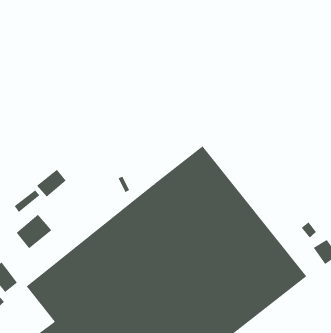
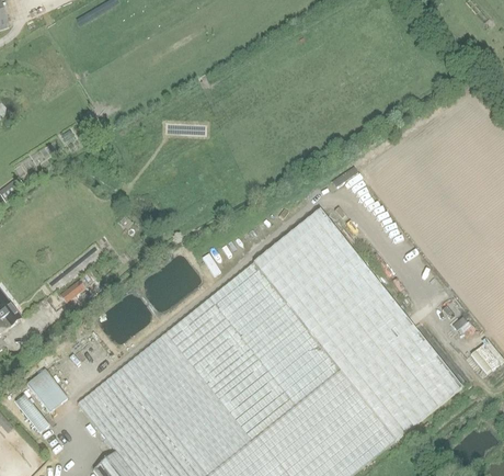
building: [36,169,67,198] -> none
building: [16,214,52,249] -> none

